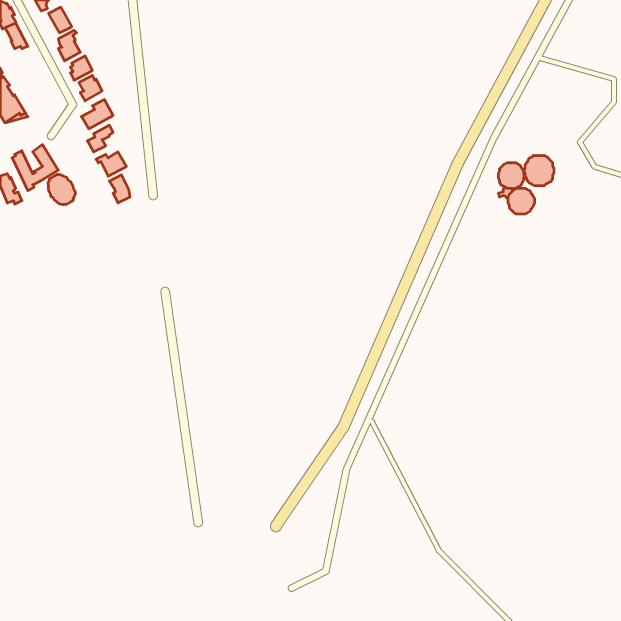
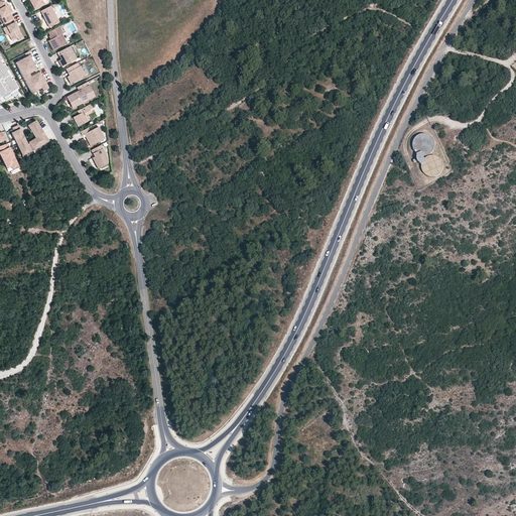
building: none -> [15,55,48,94]
building: [524,155,554,186] -> none
building: [48,174,75,205] -> none

